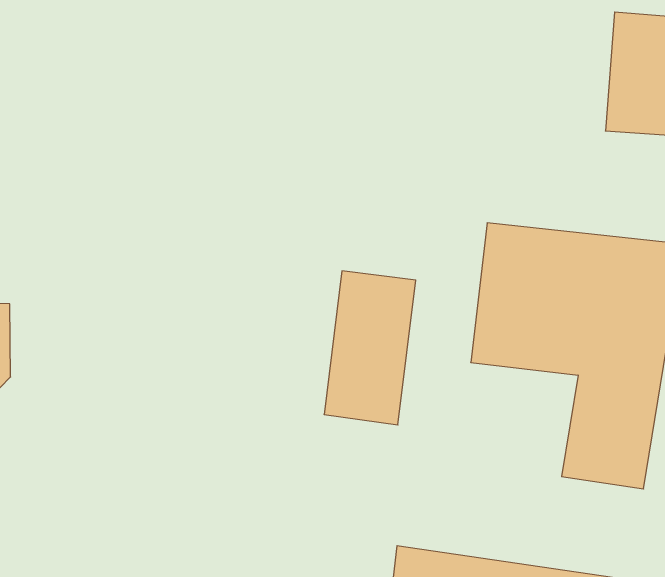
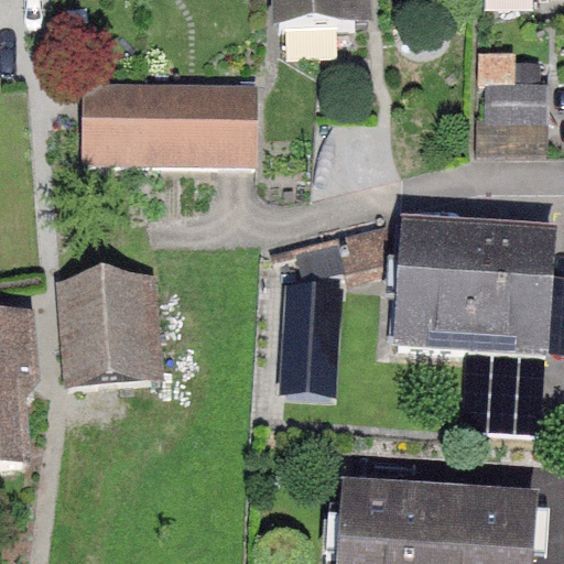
building: none -> [84,84,257,160]
building: none -> [59,275,150,381]

